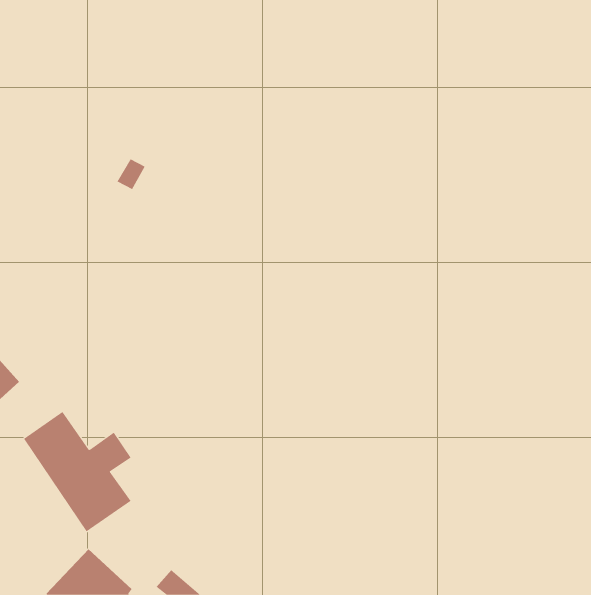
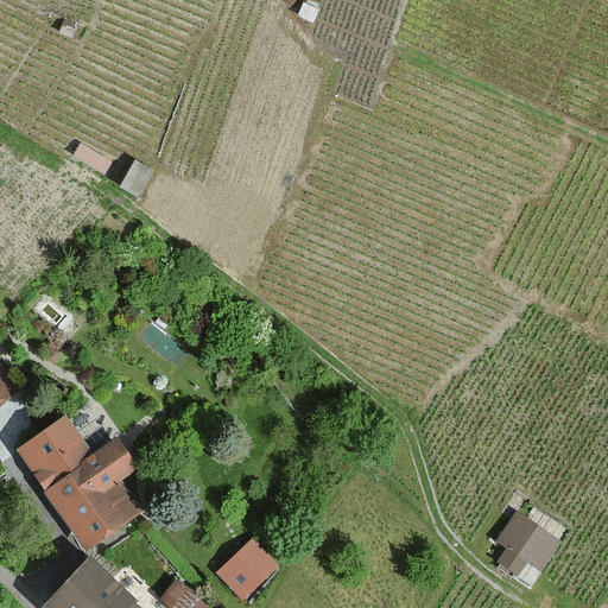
building: none -> [496,511,557,570]
building: none -> [217,539,276,596]

